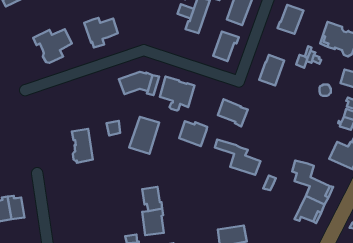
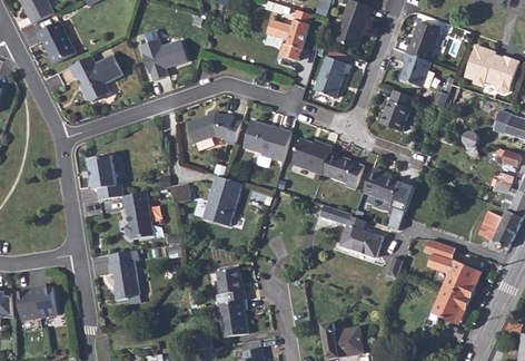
building: none -> [36,21,75,64]
building: none -> [400,53,432,88]
building: none -> [88,155,122,199]
building: none -> [364,167,414,230]
building: [179,121,207,146] -> [294,139,333,174]
building: none -> [108,250,139,300]

